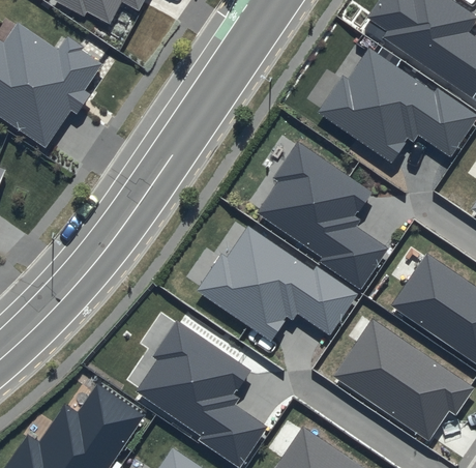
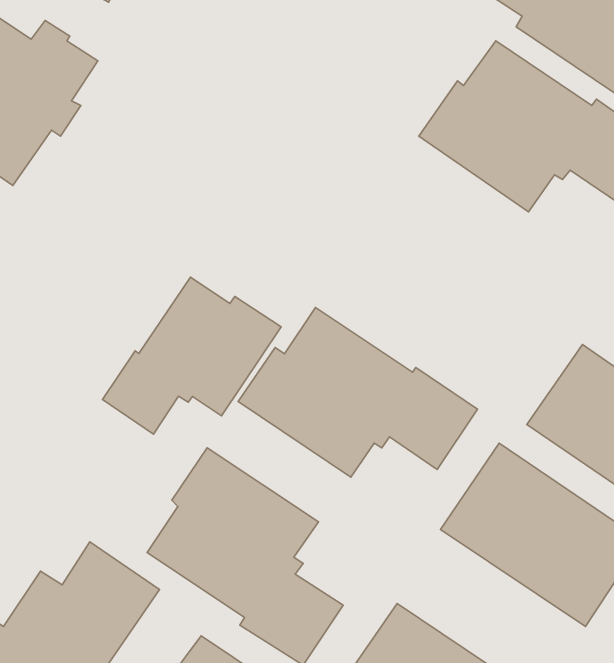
building: [256,143,390,290] -> none
building: none -> [102,277,281,434]

